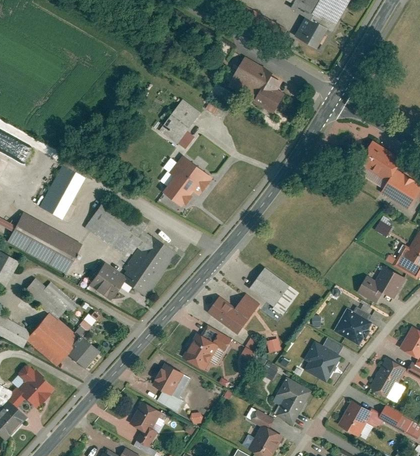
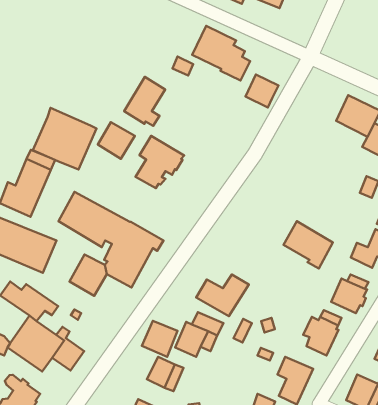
building: none -> [245,75,278,108]
building: none -> [33,108,97,170]
building: none -> [98,122,135,159]
building: [249,266,296,313] -> [283,221,333,269]
building: none -> [142,321,178,357]

